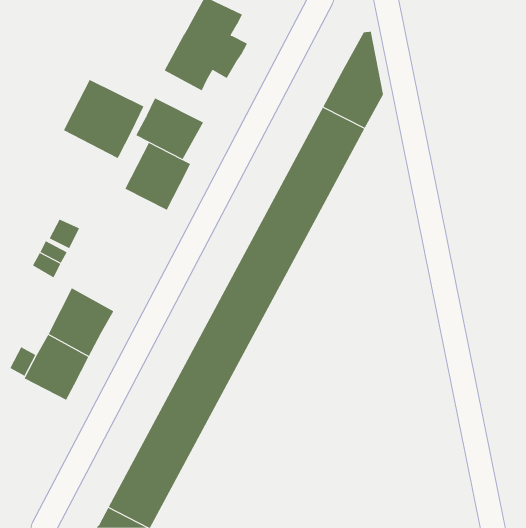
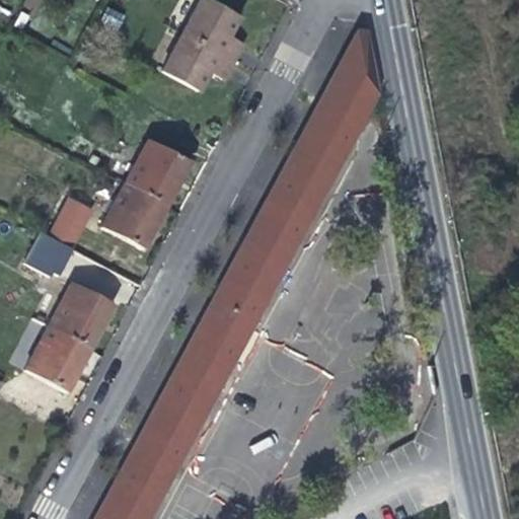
building: [63,79,144,159] -> none
building: [135,98,204,160] -> none
building: none -> [103,184,167,247]

